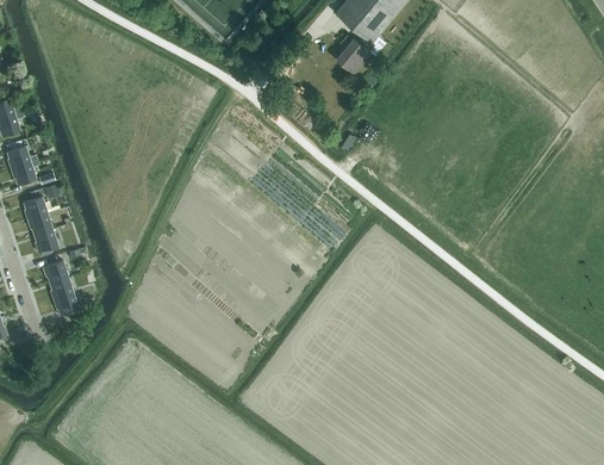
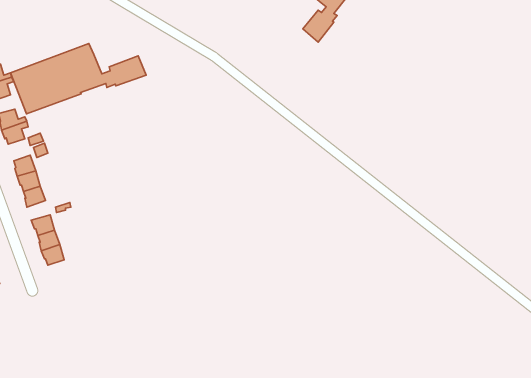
building: none -> [10,43,146,114]

